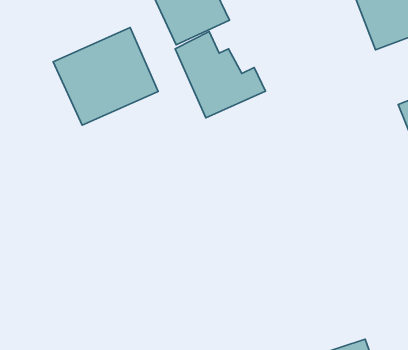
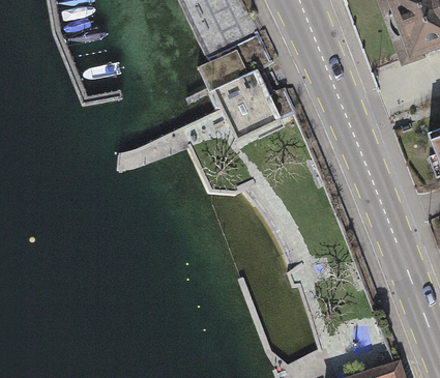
building: [53,27,158,125] -> none

